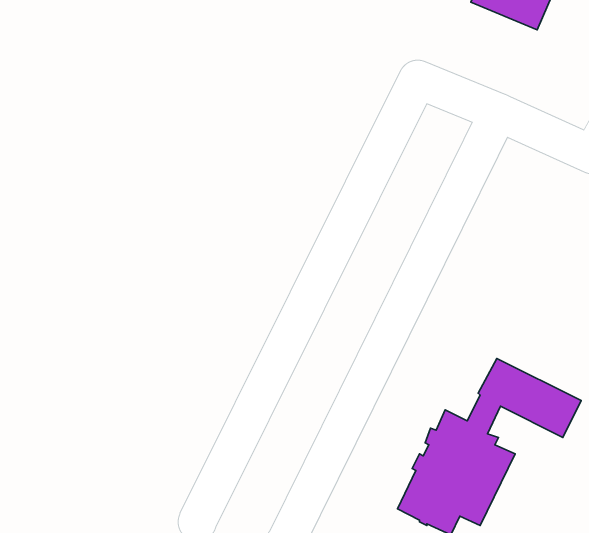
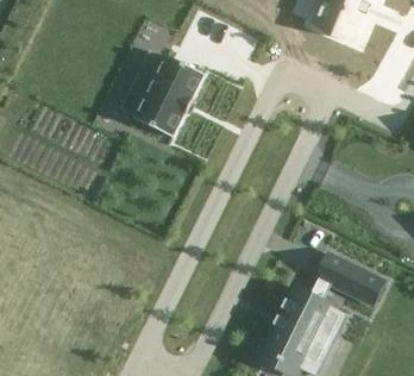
building: none -> [120,51,200,137]

